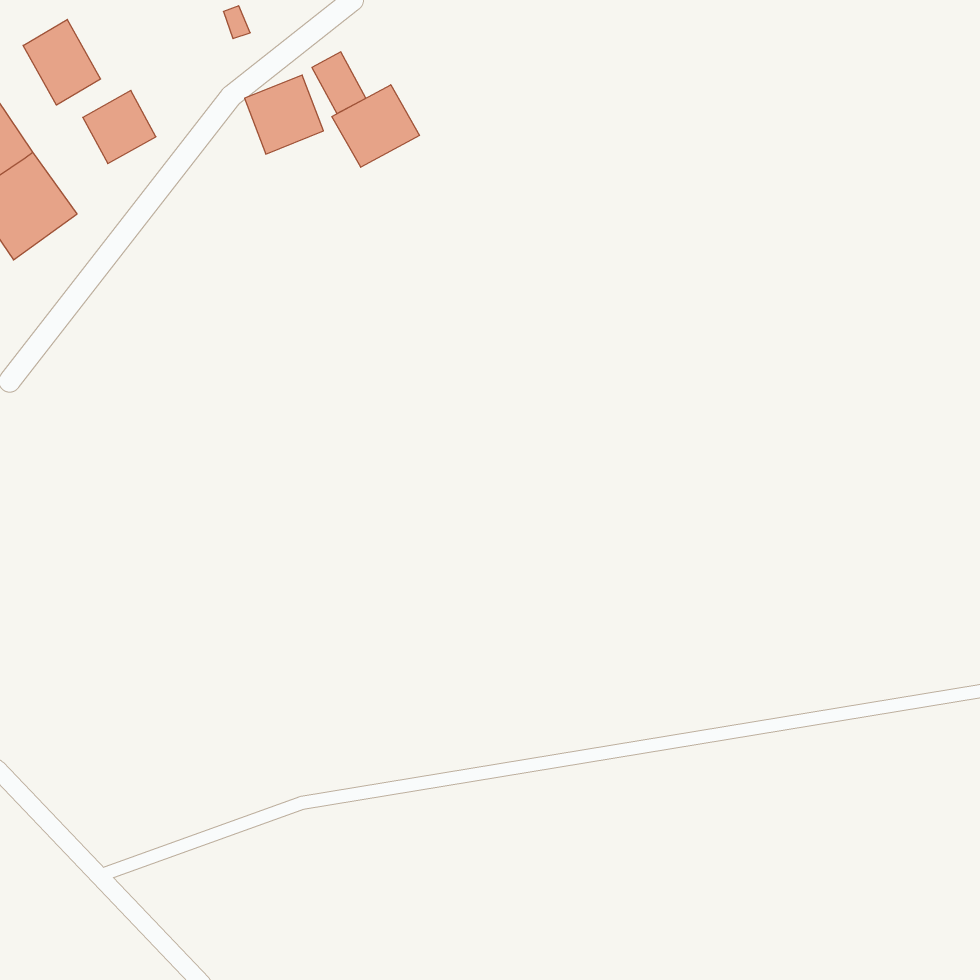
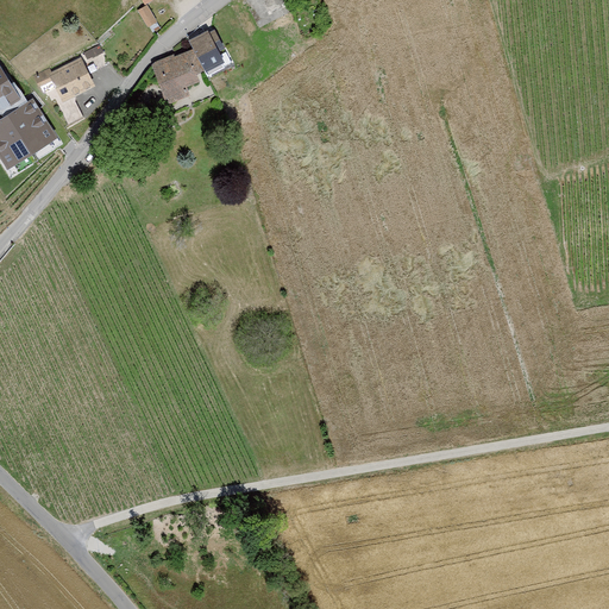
building: [23,19,101,105] -> none
building: [332,85,419,167] -> none

